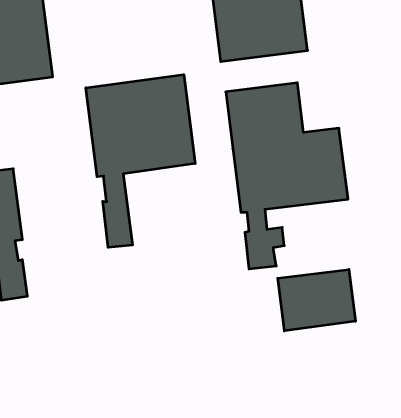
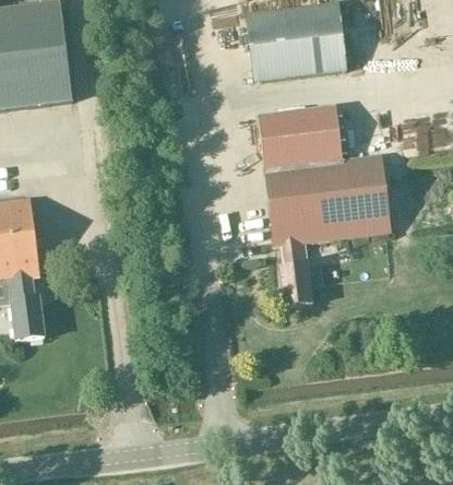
building: [86,75,195,247] -> none
building: [278,269,355,331] -> none

